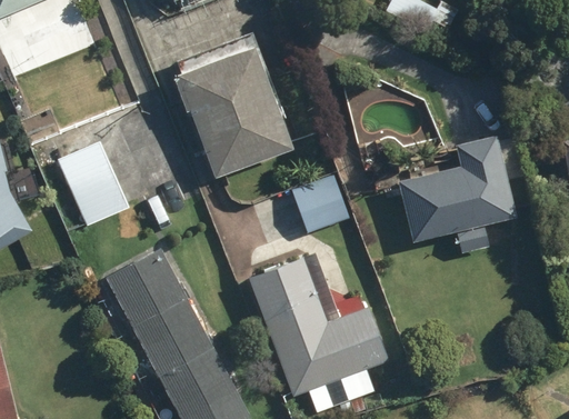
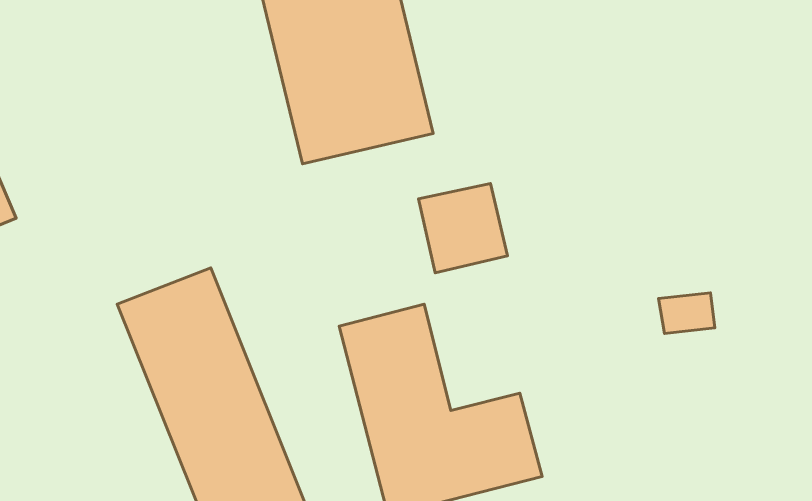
building: [396,130,518,241] -> none
building: [57,140,132,228] -> none

